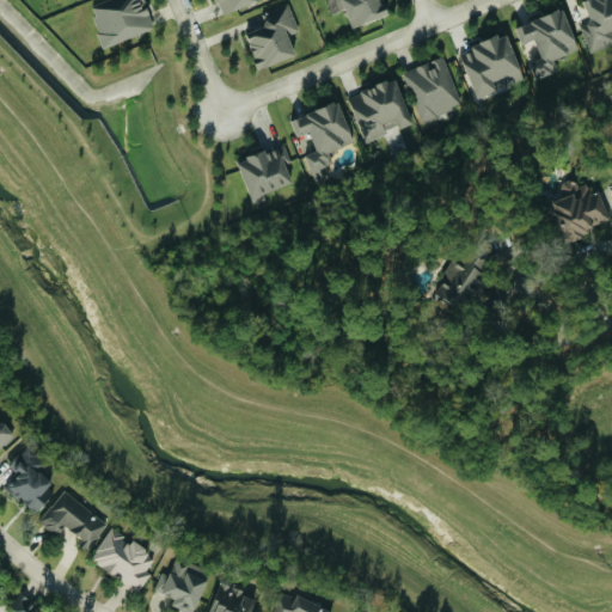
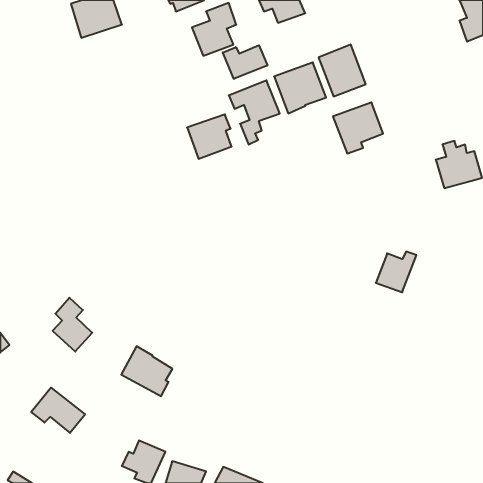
building: [514,10,579,79] -> none
building: [458,35,521,99] -> [333,102,383,153]
building: none -> [223,45,267,79]
building: [435,258,486,310] -> [376,252,416,292]
building: [6,445,56,513] -> [53,298,92,352]
building: [91,527,155,590] -> [121,346,172,396]

